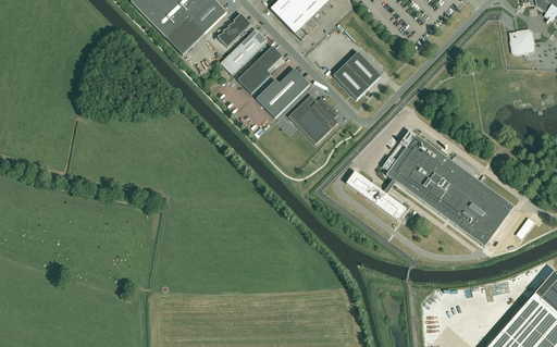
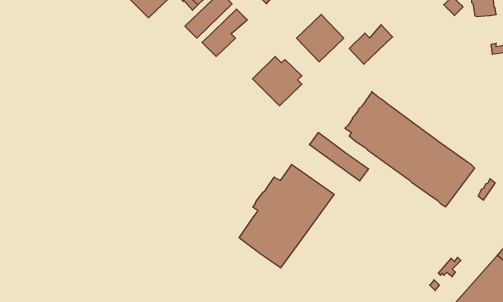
building: none -> [349,25,393,64]
building: [256,69,310,117] -> none
building: none -> [239,164,334,268]

